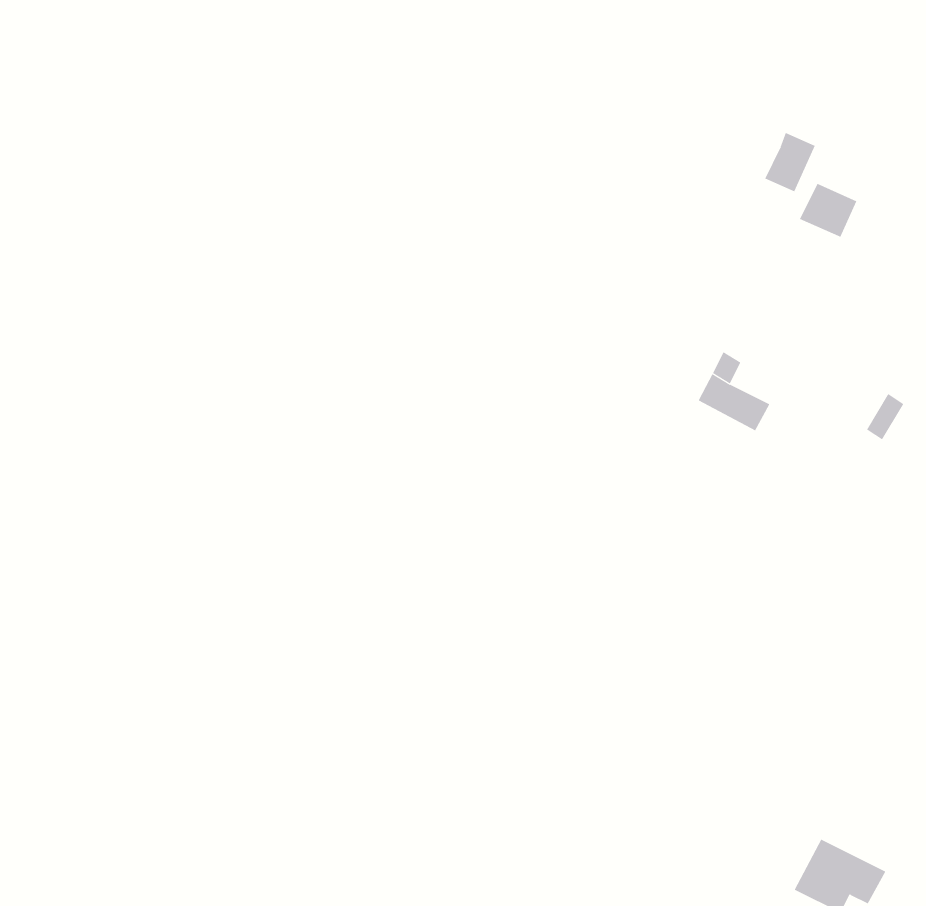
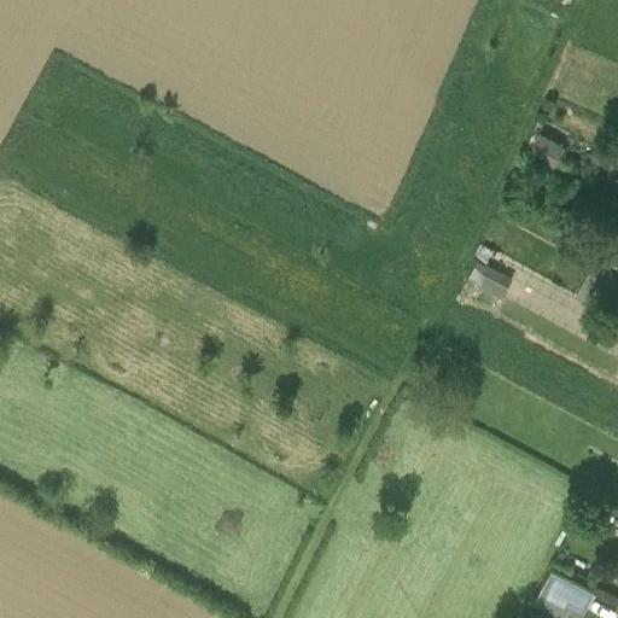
building: [765,132,815,192] -> none

